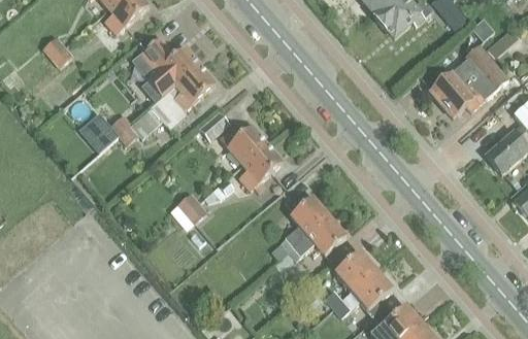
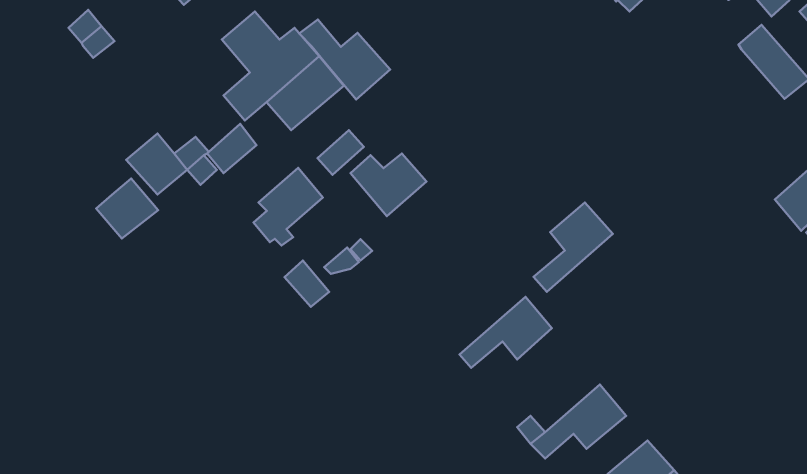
building: none -> [299,19,390,100]
building: [429,61,491,117] -> none
building: none -> [96,178,158,239]
building: [239,143,283,192] -> [253,168,323,246]
building: [279,196,329,251] -> [534,203,613,292]
building: [334,251,375,292] -> none

